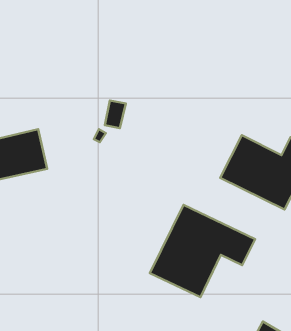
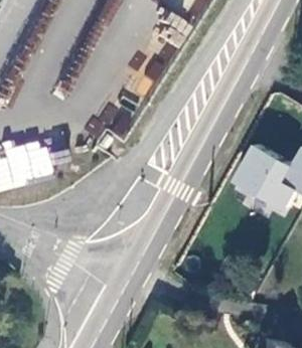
building: [150,205,255,297] -> none

